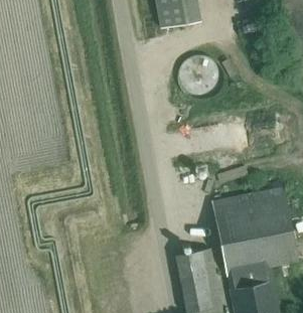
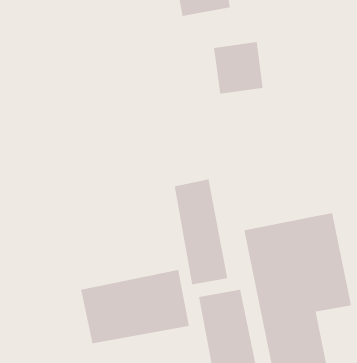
building: none -> [174,179,228,285]
building: none -> [80,269,190,344]

